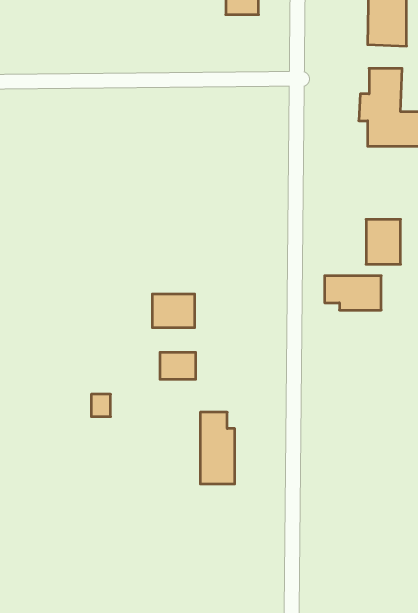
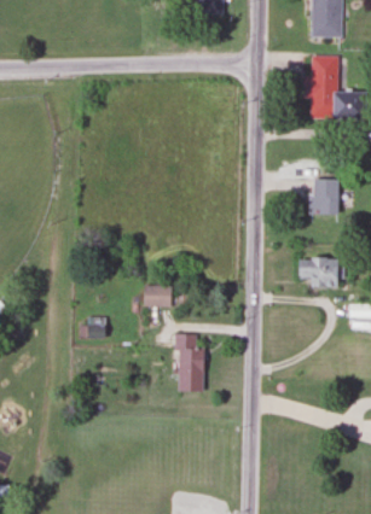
building: [325,276,381,310] -> [298,258,344,286]
building: [152,294,195,328] -> none

